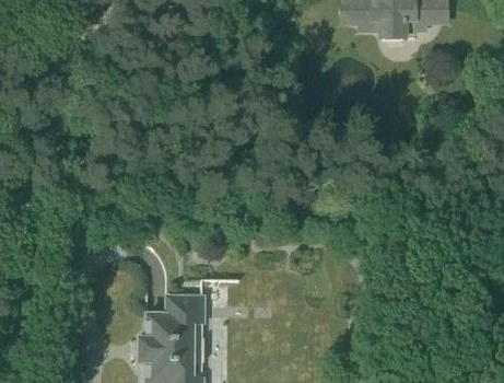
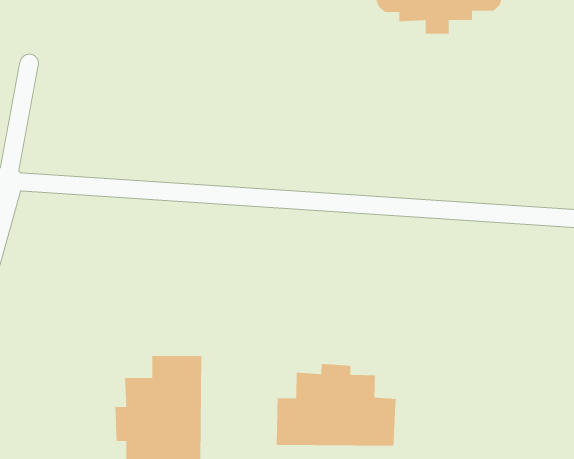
building: none -> [276,363,396,447]

